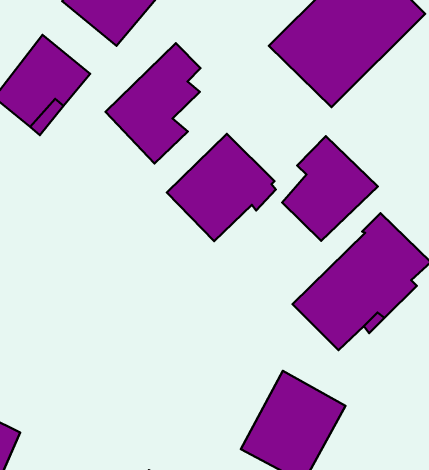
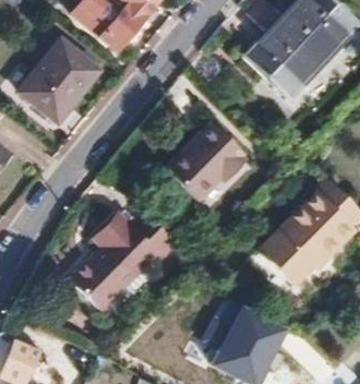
building: [105,43,201,163] -> none
building: [282,136,378,241] -> none
building: none -> [62,212,168,311]

